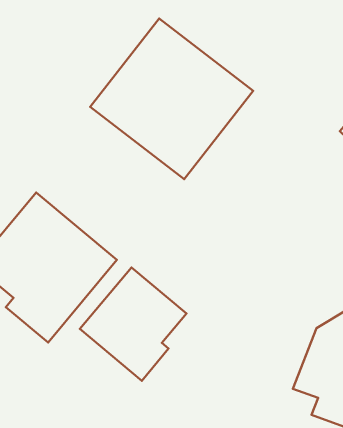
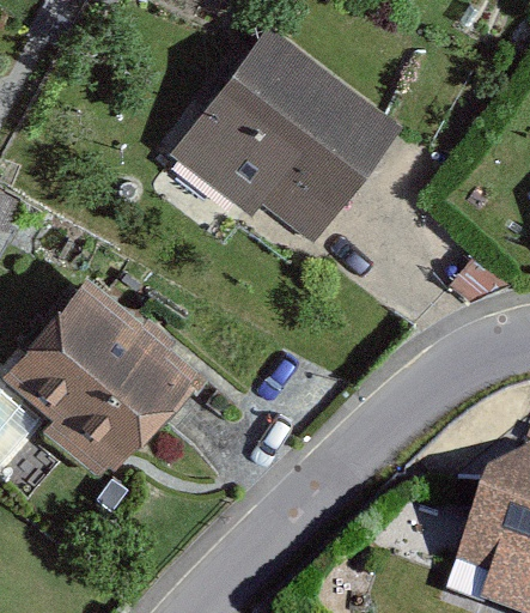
building: [80,268,187,381] -> none

